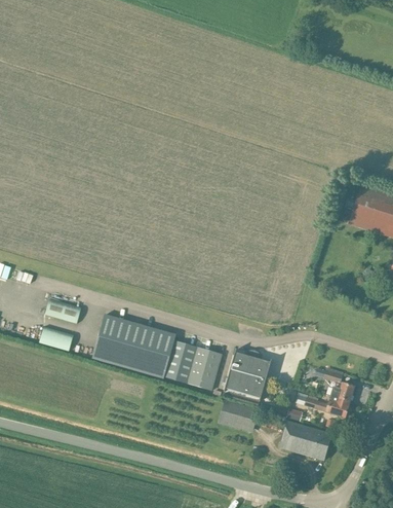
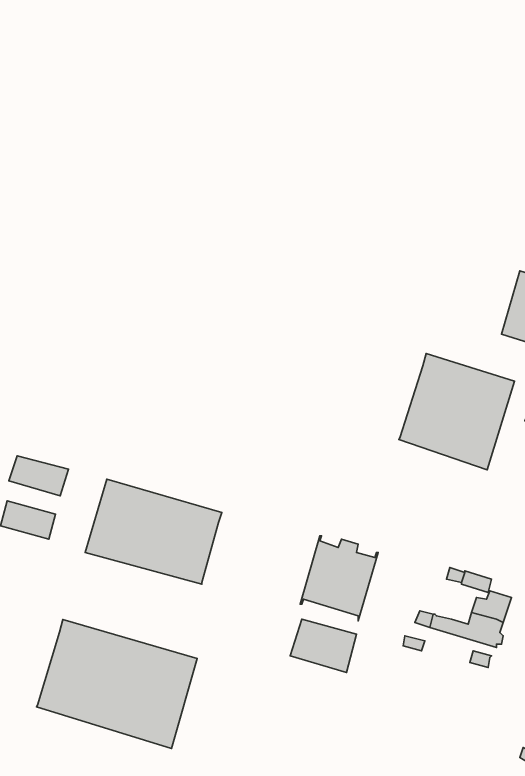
building: none -> [399,353,514,470]
building: [163,340,222,391] -> none
building: none -> [37,620,197,749]
building: [279,421,330,460] -> none

